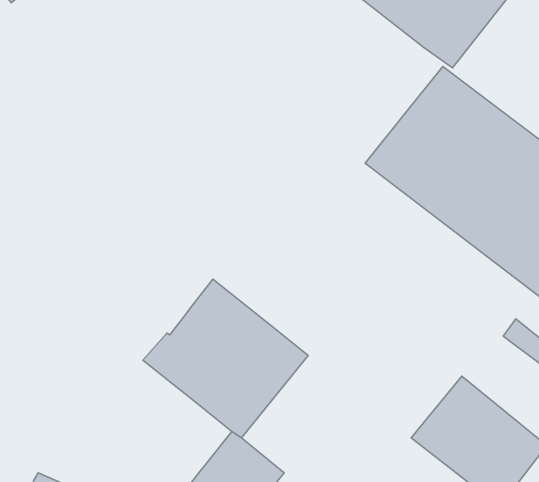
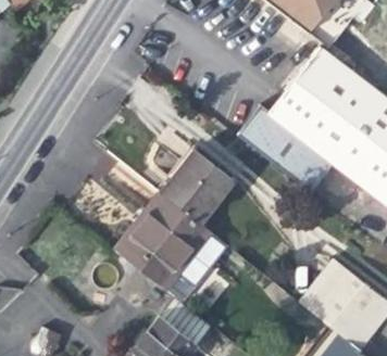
building: none -> [236,106,330,192]
building: none -> [159,149,234,224]

